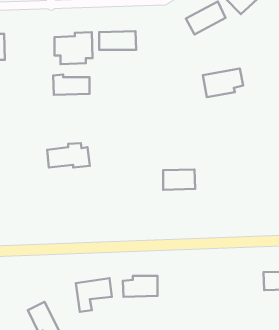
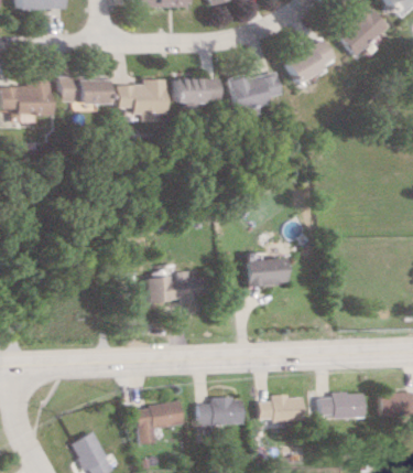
building: [203,69,243,97] -> [225,73,278,110]
building: [53,75,89,95] -> [52,77,99,104]
building: [47,143,90,167] -> [148,271,204,303]
building: none -> [320,393,366,419]
building: none -> [260,396,305,422]

